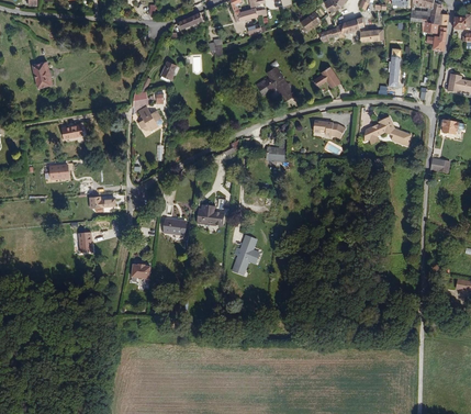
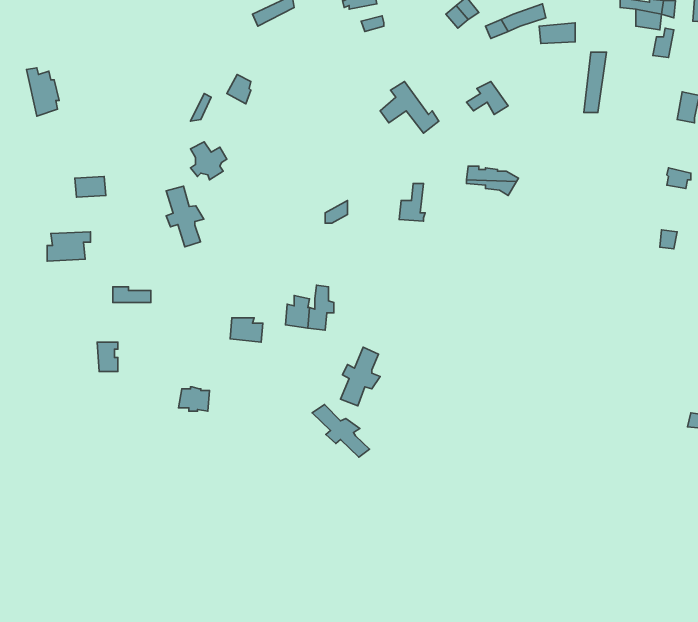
building: [365,116,412,144] -> none
building: none -> [166,186,204,247]
building: none -> [312,404,369,457]

